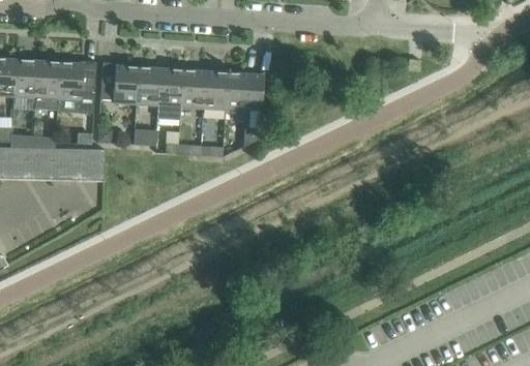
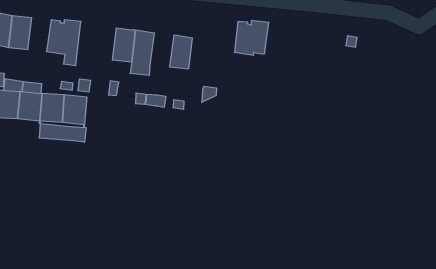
building: [35,61,61,111] -> none
building: [100,63,138,104] -> none
building: [180,70,206,109] -> none
building: [226,71,264,112] -> [234,21,269,55]
building: none -> [40,124,86,142]

